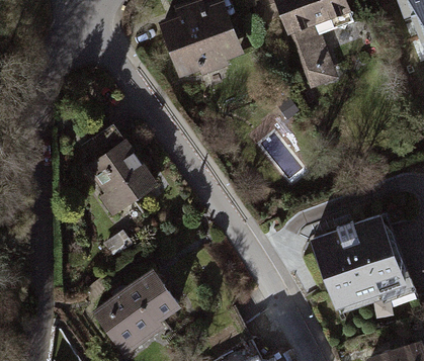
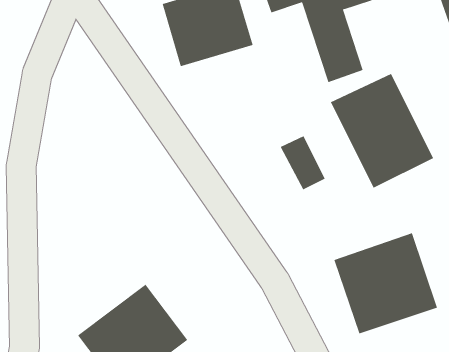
building: none -> [330,73,434,188]
building: [88,141,160,213] -> none

